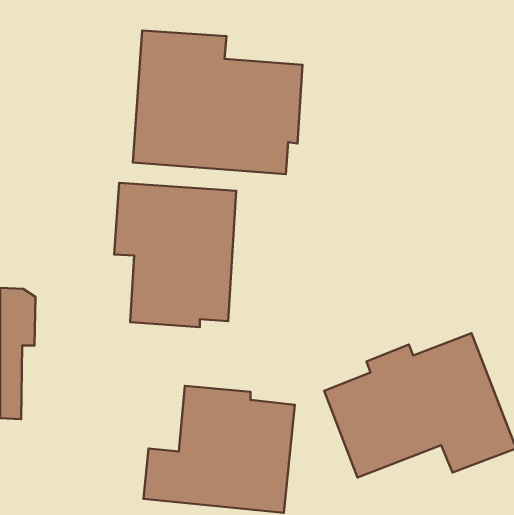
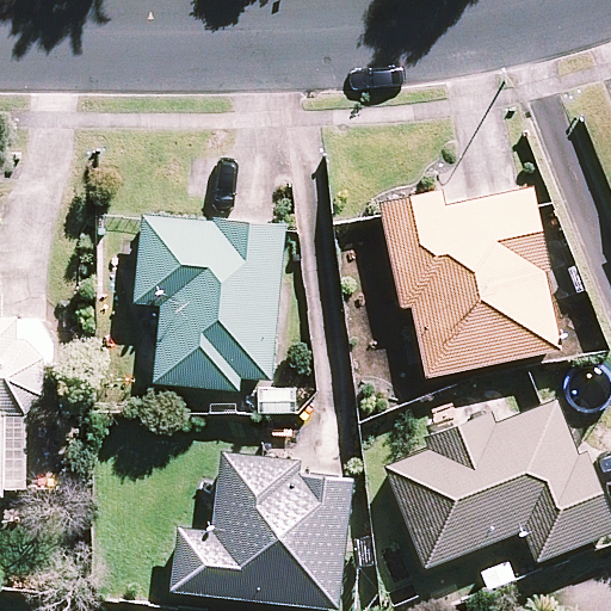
building: [133,31,303,174] -> none
building: none -> [384,185,560,374]

